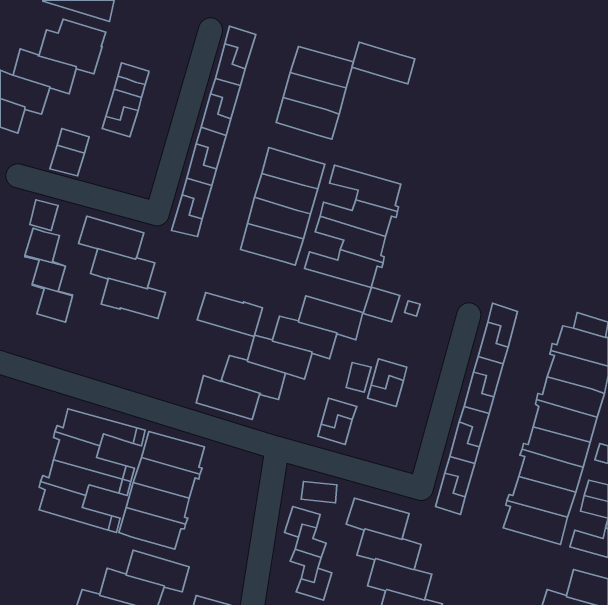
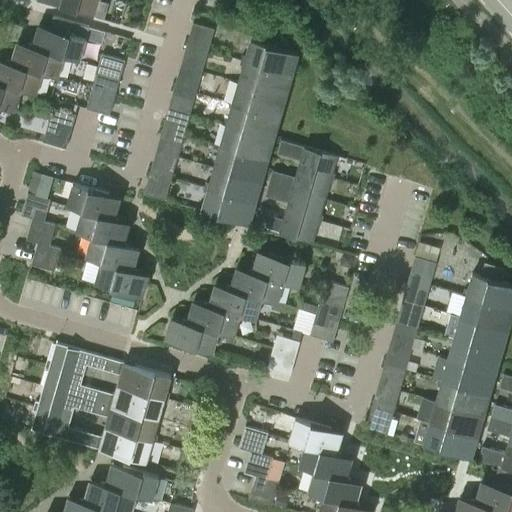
building: [352,42,415,84] -> [226,105,279,140]
building: [363,287,400,322] -> [318,282,349,311]
building: [197,292,263,336] -> [94,261,149,298]

